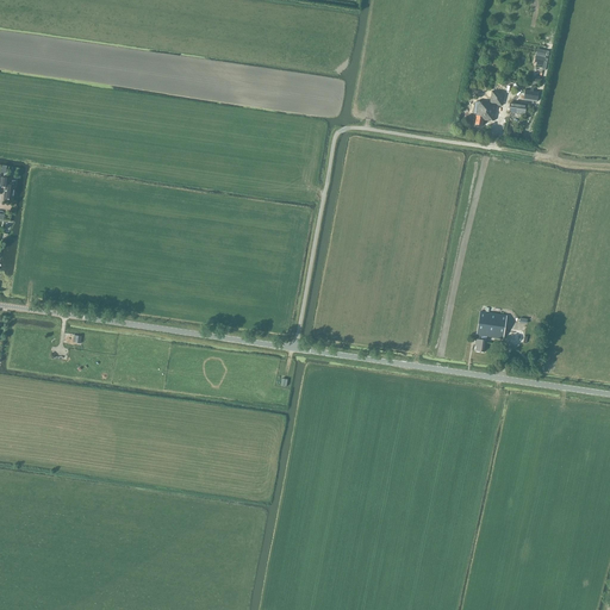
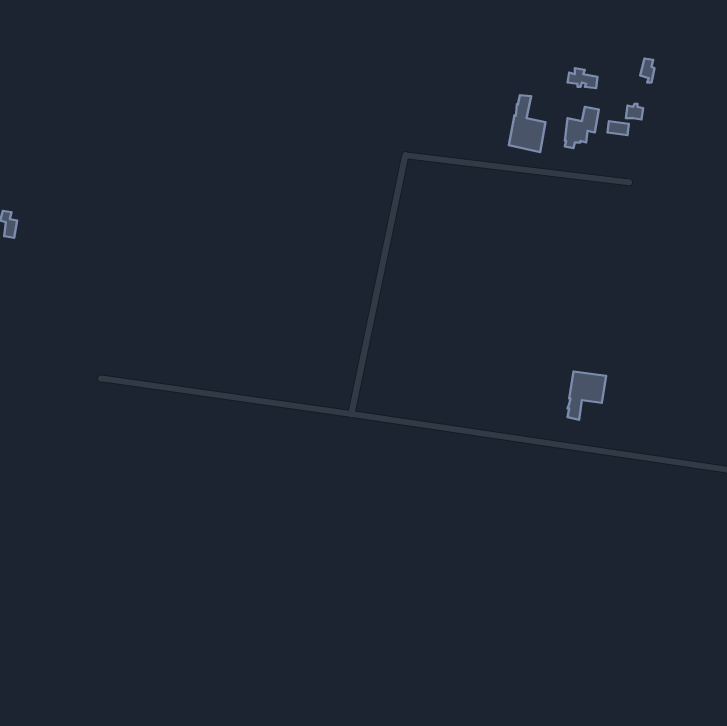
building: none -> [509,95,546,152]

